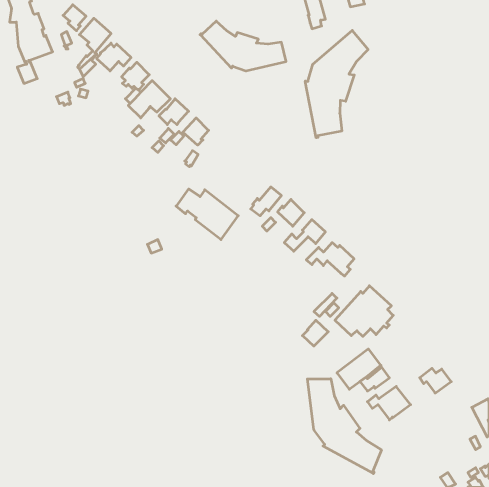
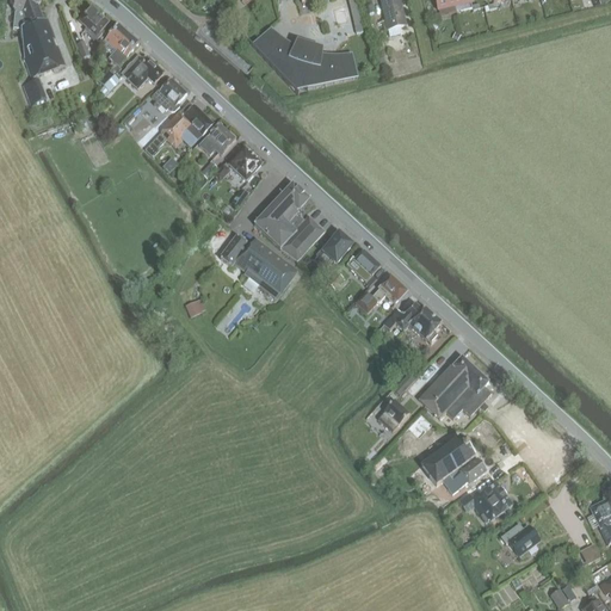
building: [305,30,368,138] -> none
building: none -> [253,183,323,260]
building: [420,368,451,393] -> [500,524,539,555]
building: [307,379,381,474] -> none

